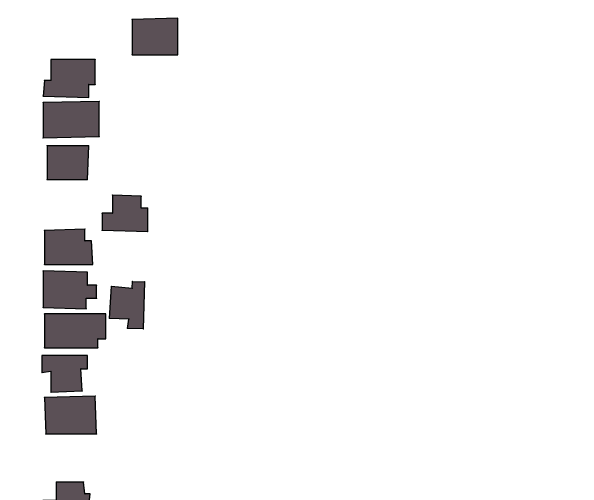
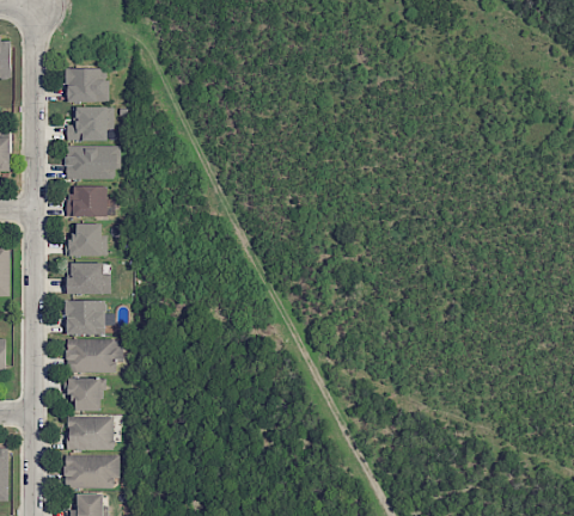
building: [132,18,178,55] -> [66,67,108,100]
building: [102,195,148,232] -> [66,222,108,256]
building: [109,281,145,329] -> none
building: none -> [65,454,120,486]

